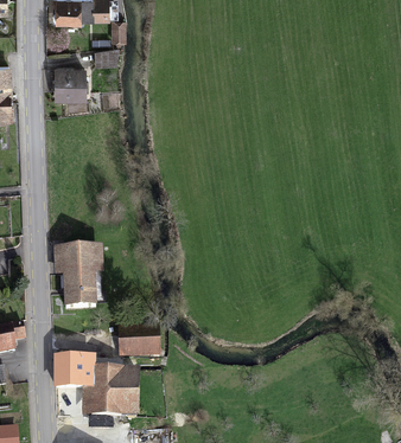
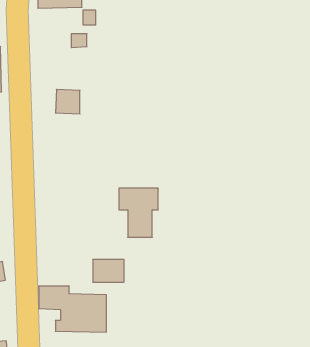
building: [56,69,85,98] -> [55,89,80,114]
building: [53,246,101,306] -> [119,188,158,237]

